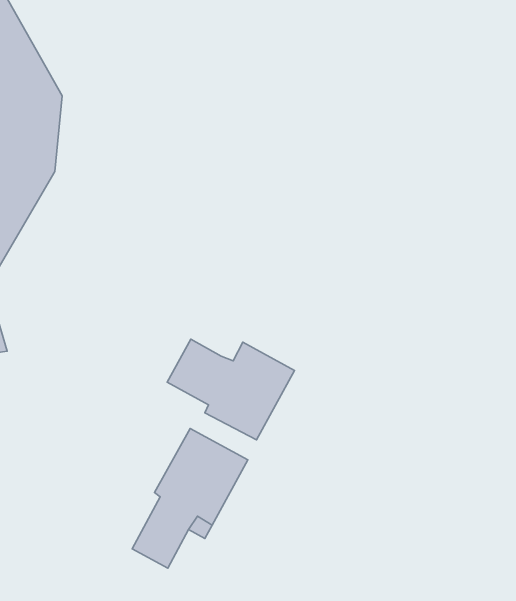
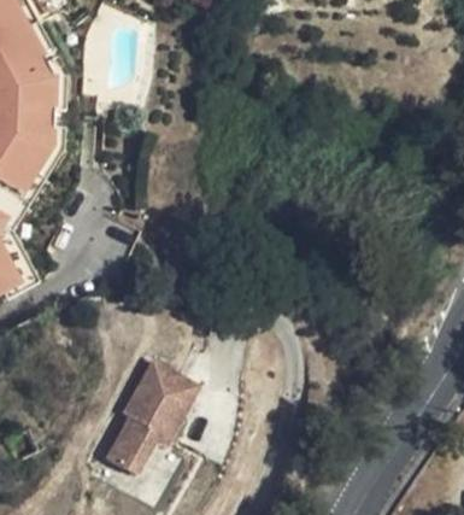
building: [167,339,295,440] -> none

